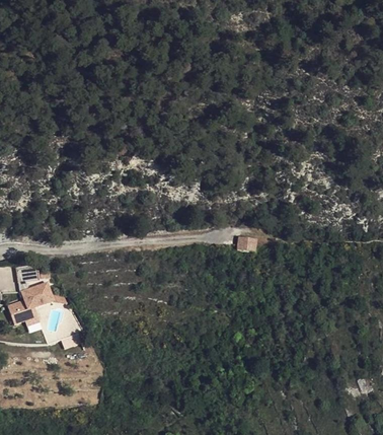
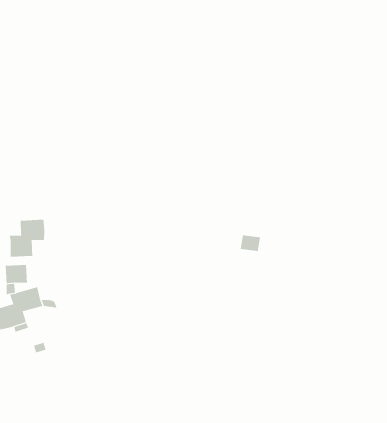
building: none -> [9,219,45,258]

